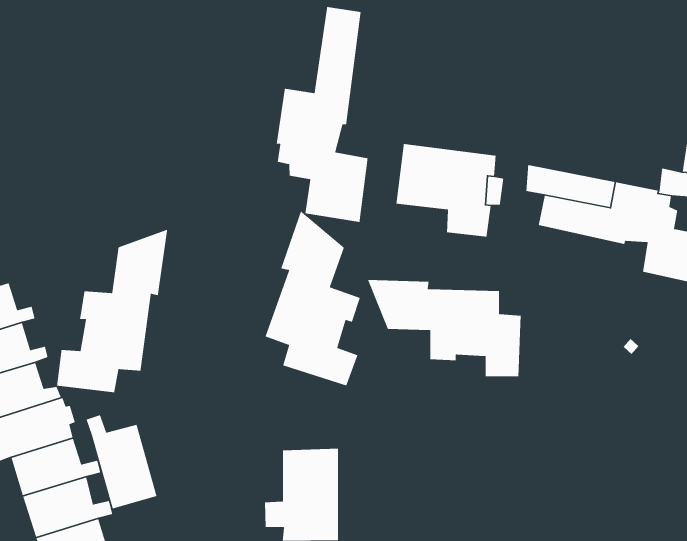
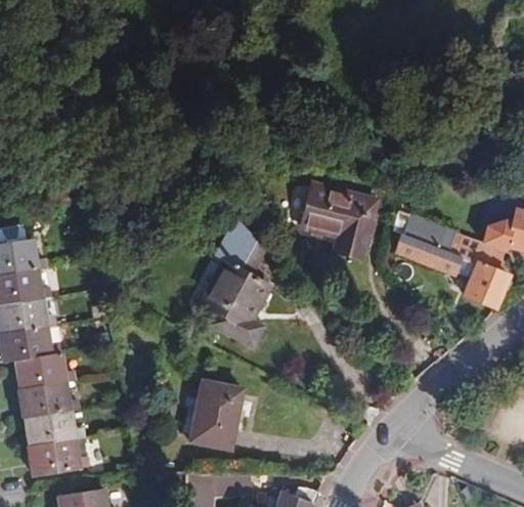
building: [276,6,369,223] -> none
building: [56,229,168,393] -> none
building: [367,279,521,377] -> none
building: [86,414,157,510] -> none

